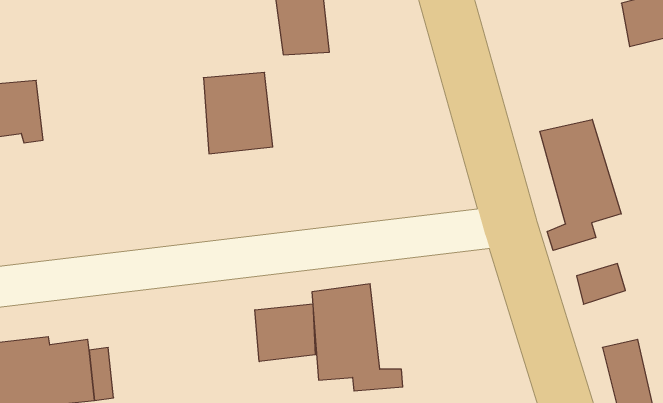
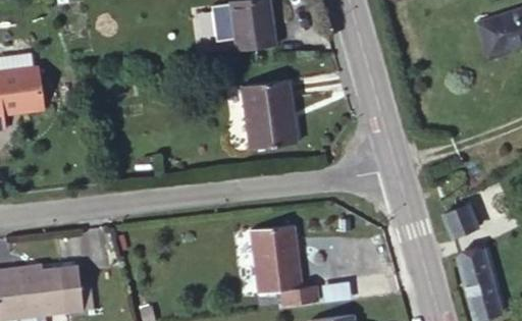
building: [203,72,273,154] -> [242,84,294,145]
building: [540,119,621,250] -> none
building: [255,304,315,362] -> none

